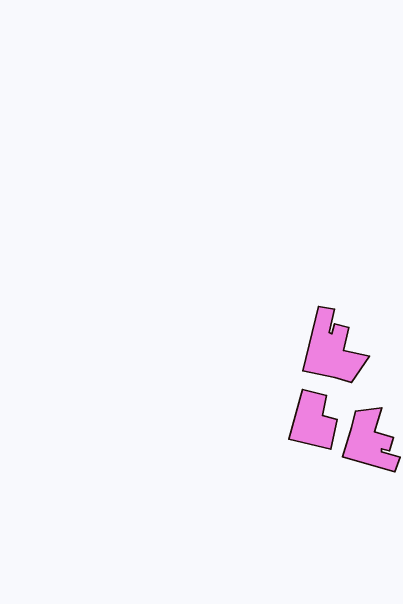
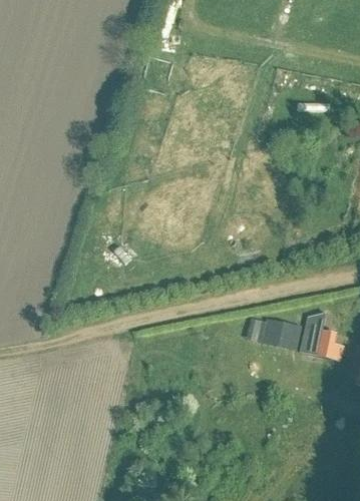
building: [303,307,369,382] -> none

